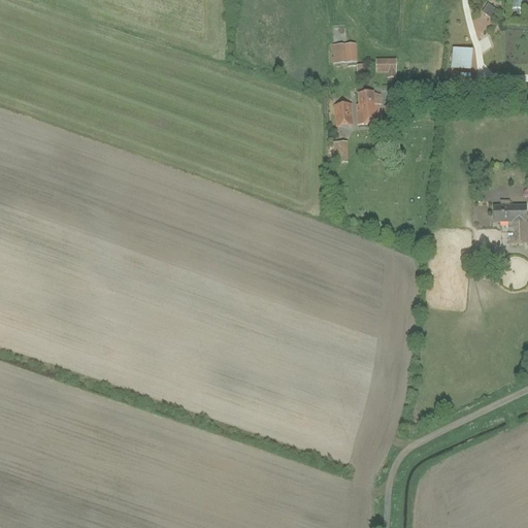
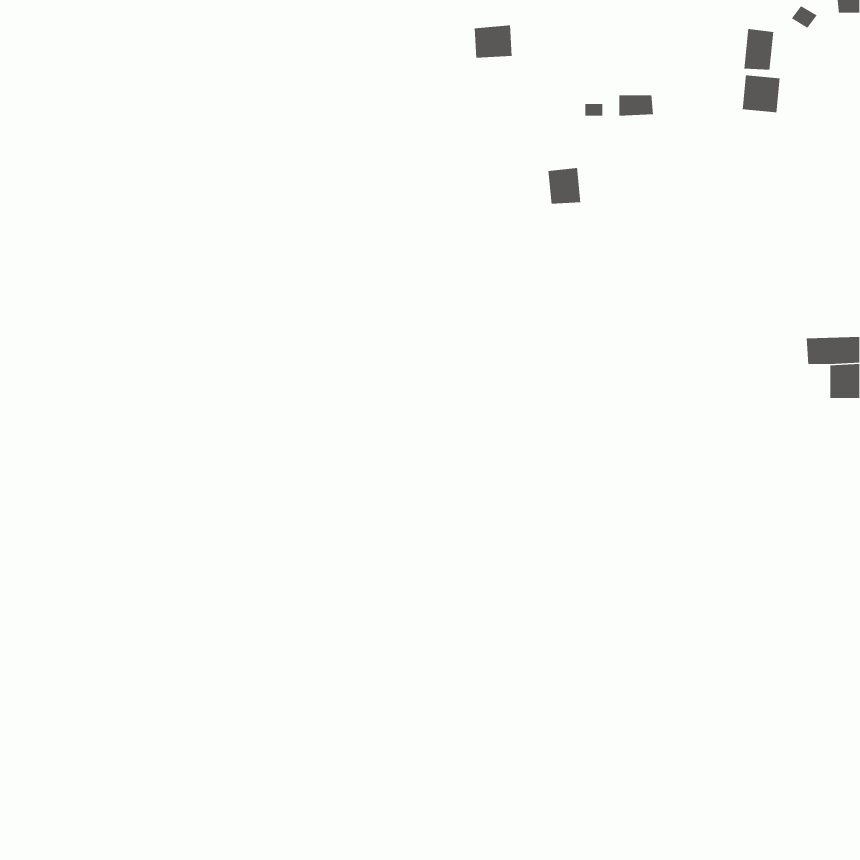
building: none -> [743,28,774,70]
building: [334,41,358,62] -> [474,25,513,58]
building: [356,89,381,124] -> none

